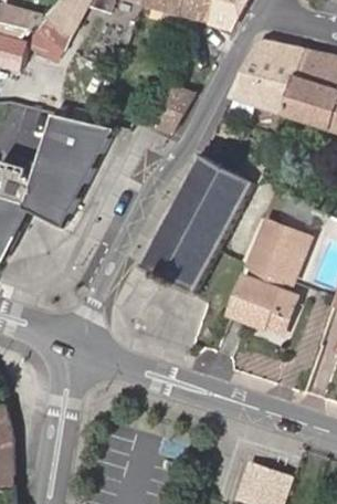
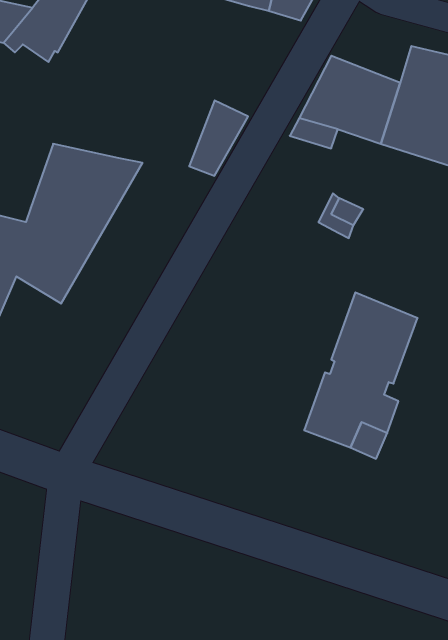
building: [249,38,304,73] -> none
building: [145,155,259,295] -> none

